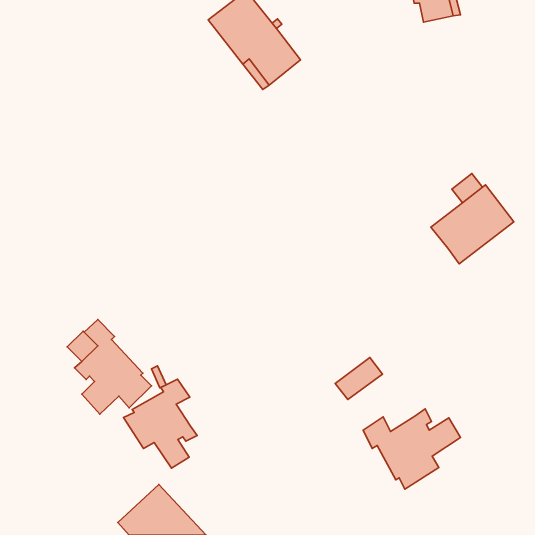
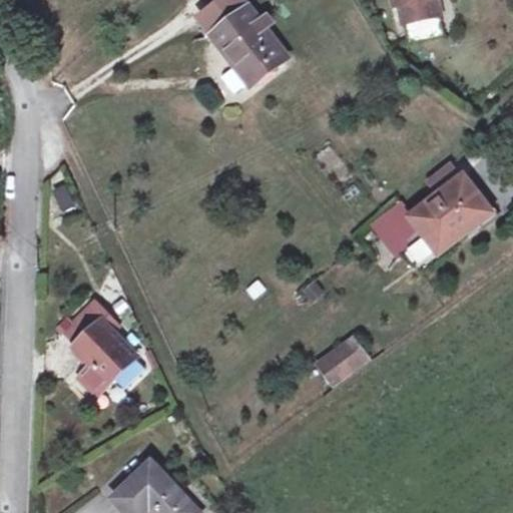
building: none -> [371,200,427,259]
building: [124,379,197,468] -> none
building: [363,409,460,489] -> none

